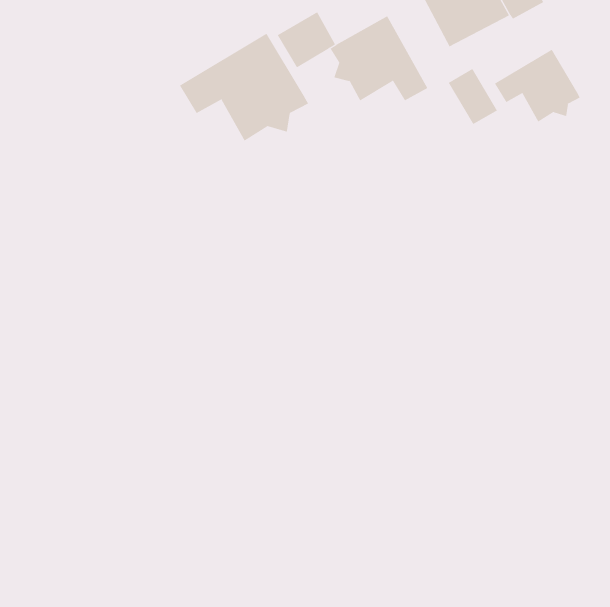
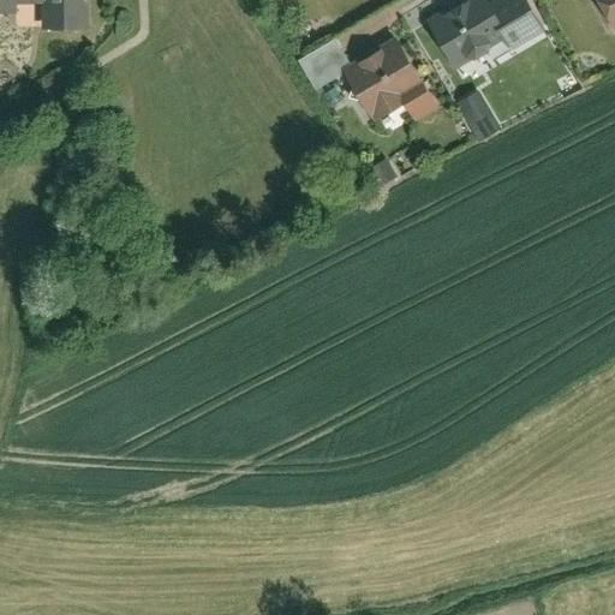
building: [179,33,309,142] -> none
building: [494,49,581,122] -> none

